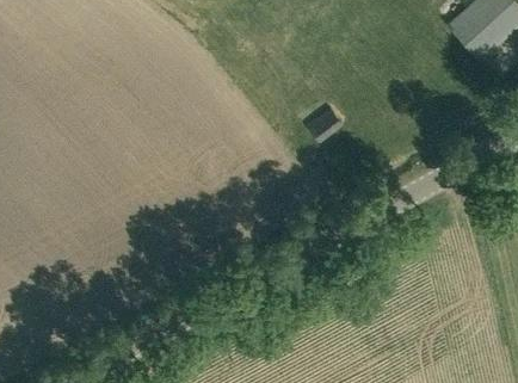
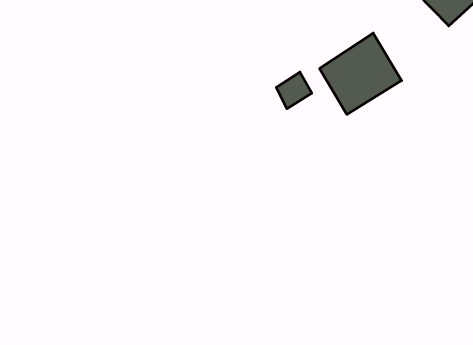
building: none -> [320,33,402,114]

